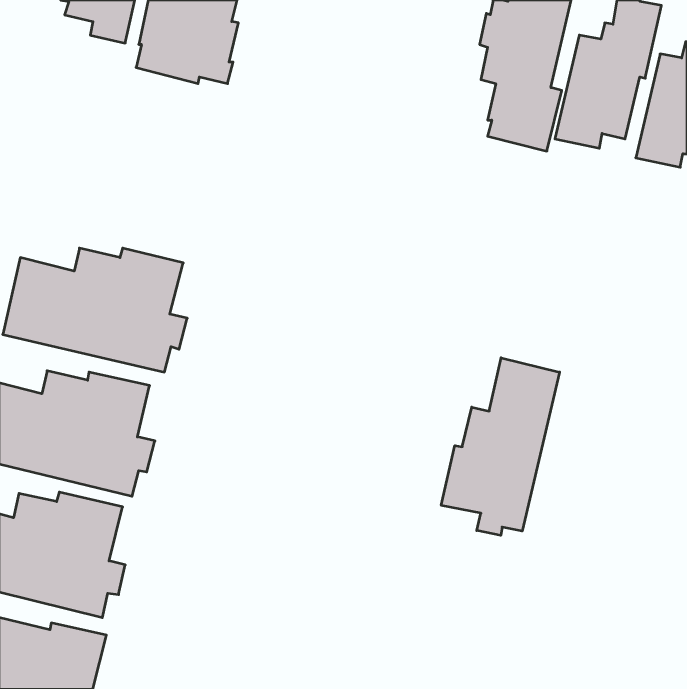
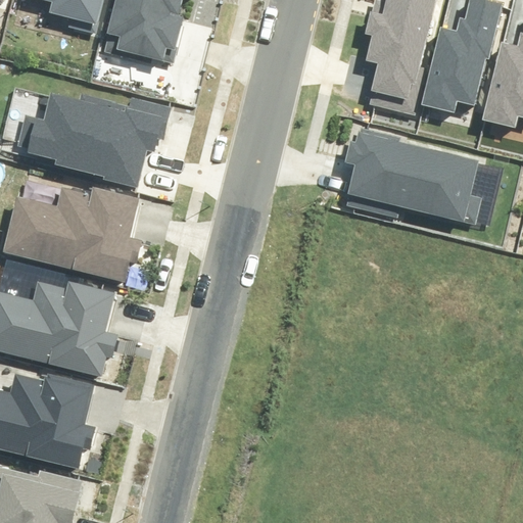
building: none -> [17,93,172,188]
building: none -> [345,128,480,223]
building: [441,358,560,535] -> none

